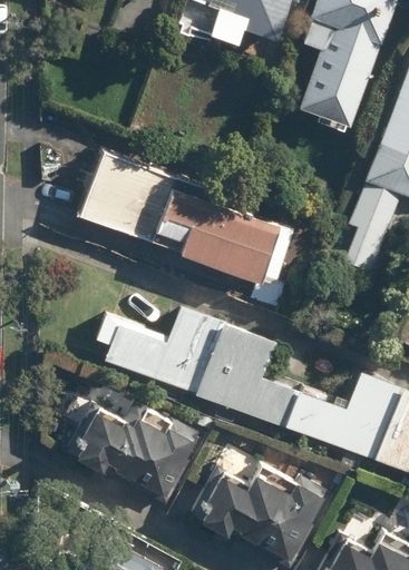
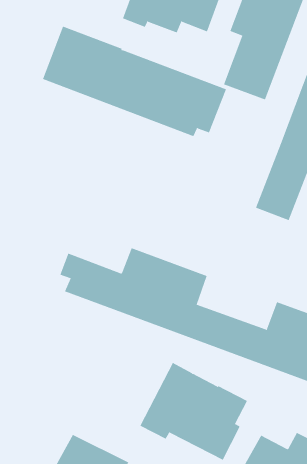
building: [74,155,298,289] -> [42,26,227,137]
building: [71,399,202,499] -> none

